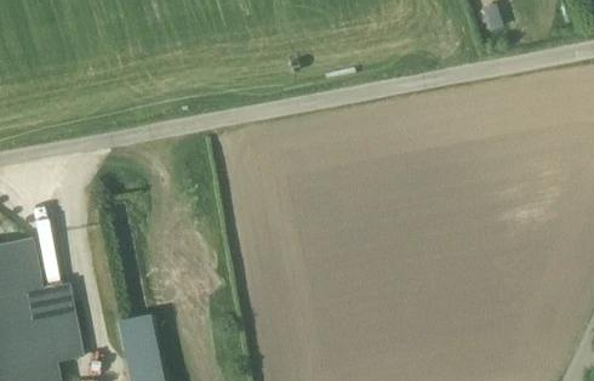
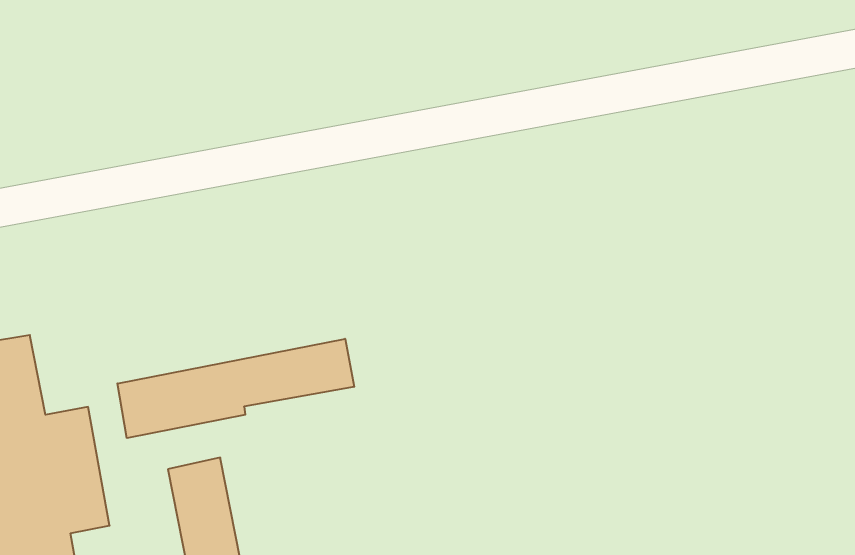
building: none -> [117,339,354,438]

